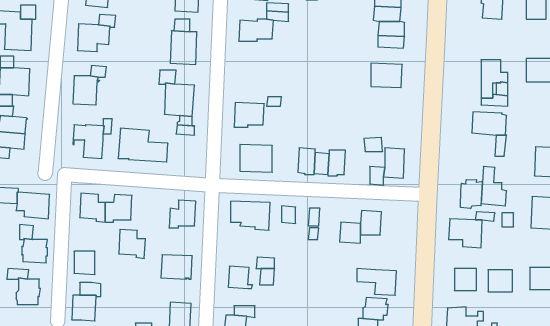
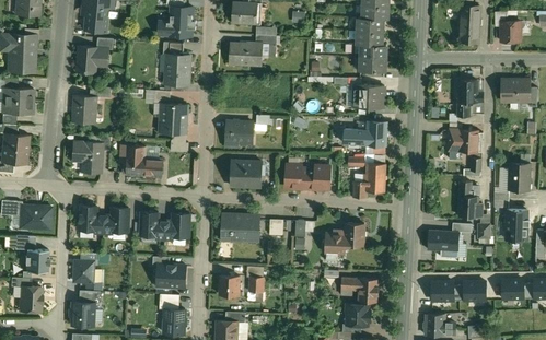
building: none -> [349,121,385,145]
building: [460,180,482,209] -> none
building: [119,229,145,258] -> [139,212,164,239]

